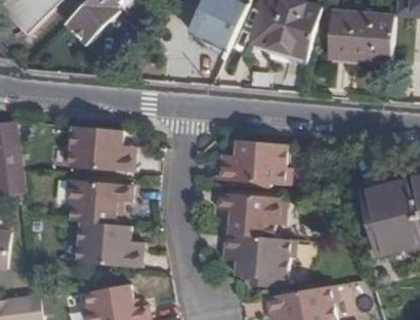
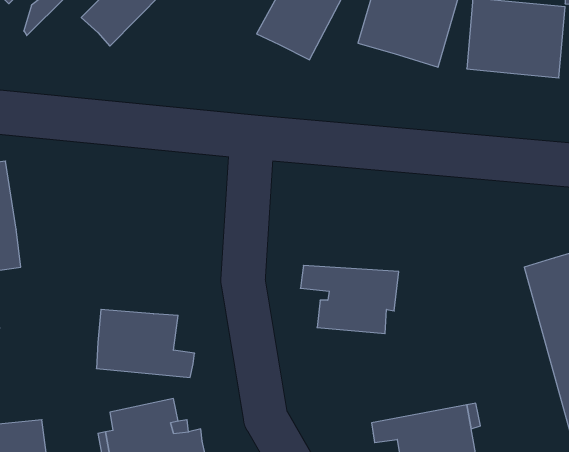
building: [68,125,134,171] -> none
building: [217,139,286,182] -> none
building: [66,179,132,225] -> none
building: [221,234,288,278] -> none

